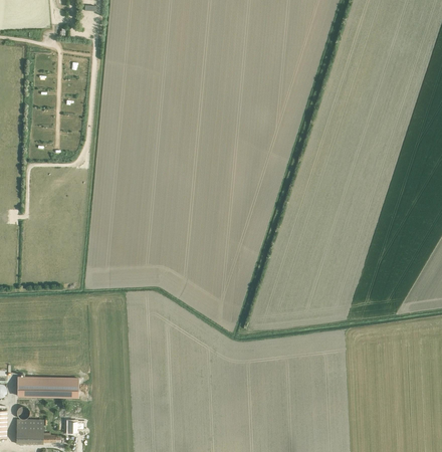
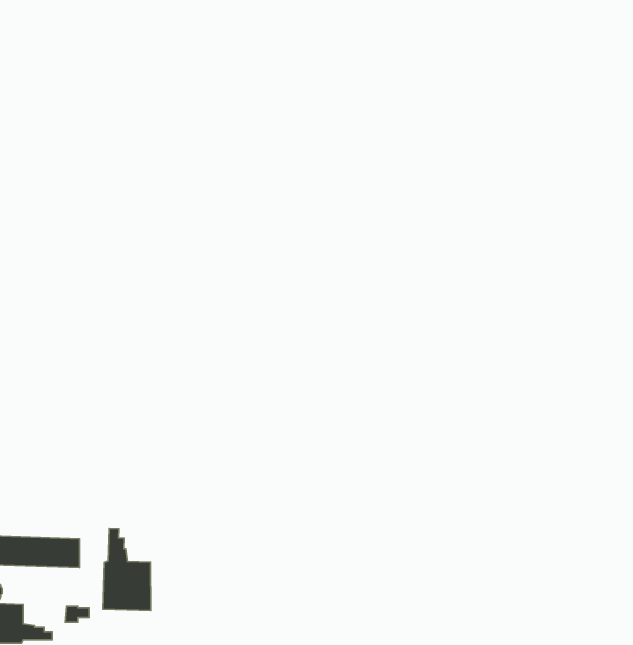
building: none -> [103,529,151,611]

